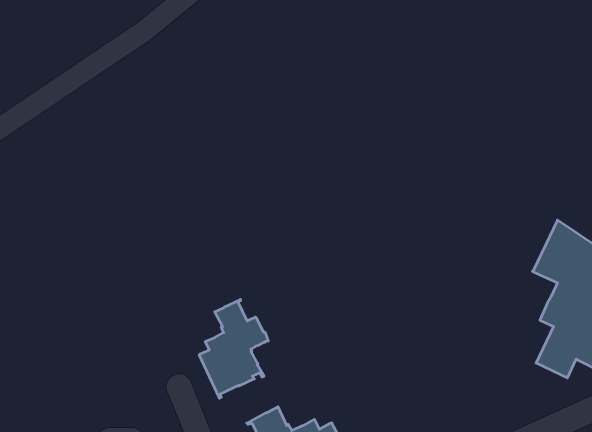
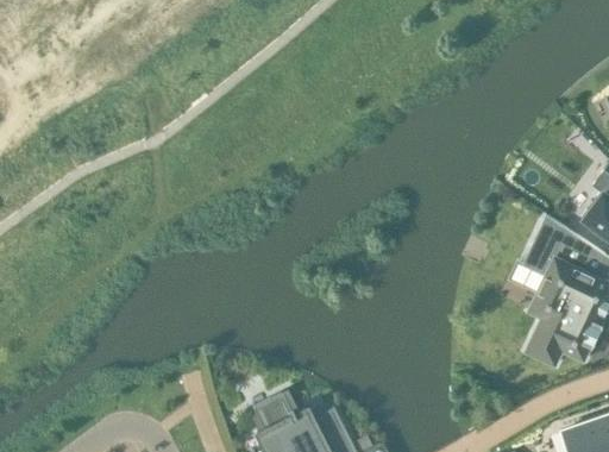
building: [199,299,268,398] -> none

